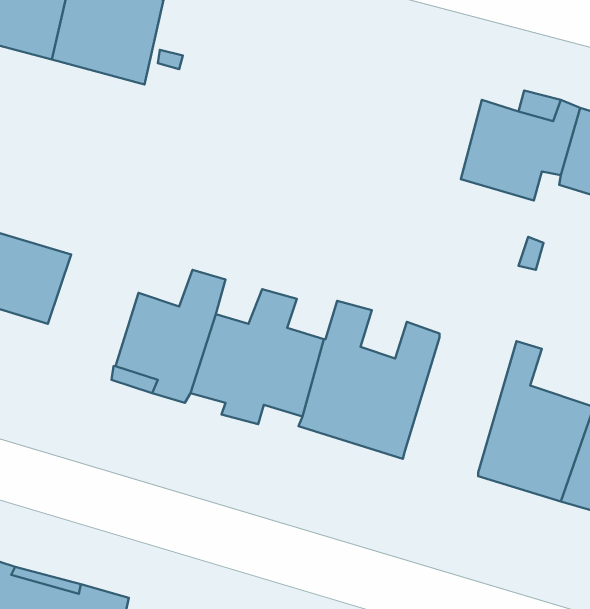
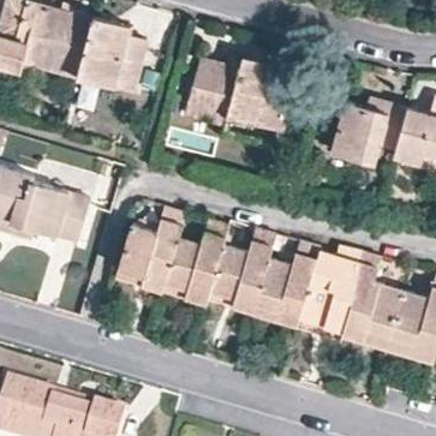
building: none -> [184,56,289,133]
building: none -> [297,246,366,335]

